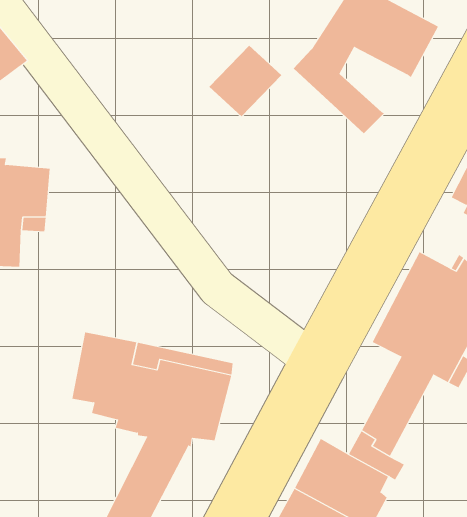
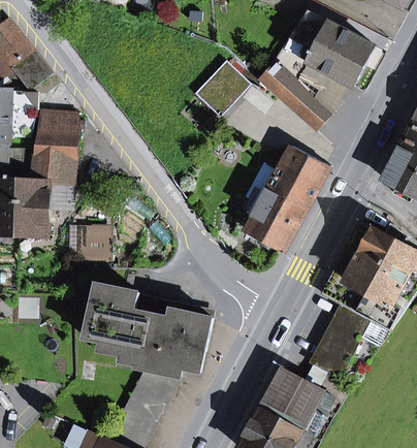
building: none -> [296,62,349,113]
building: none -> [34,110,77,158]
building: none -> [244,145,329,251]
building: none -> [78,227,109,258]

